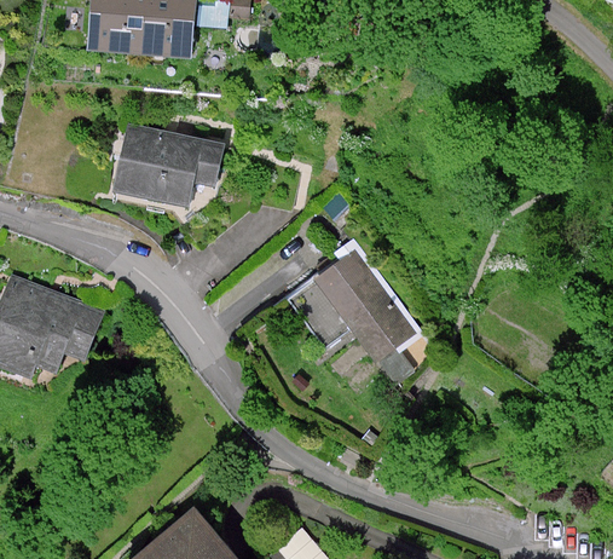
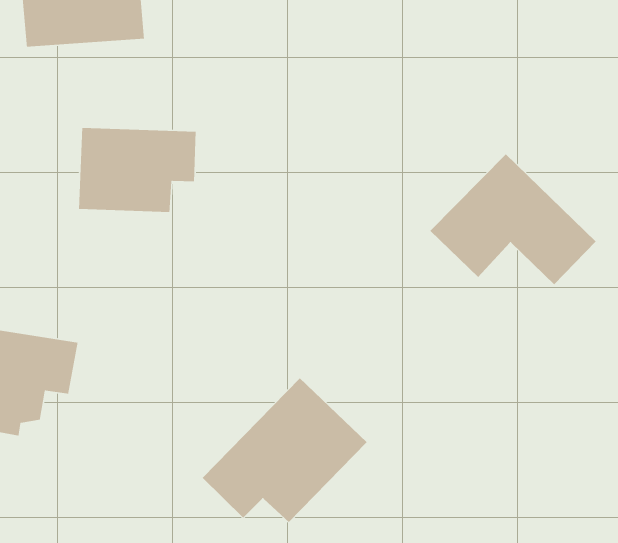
building: [284,247,426,367] -> [429,153,596,285]
building: none -> [202,378,367,523]

